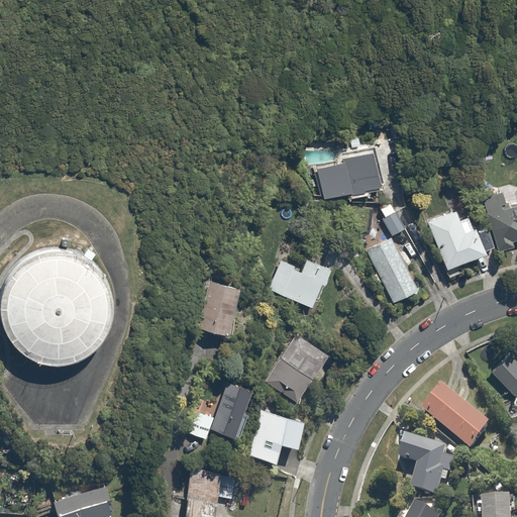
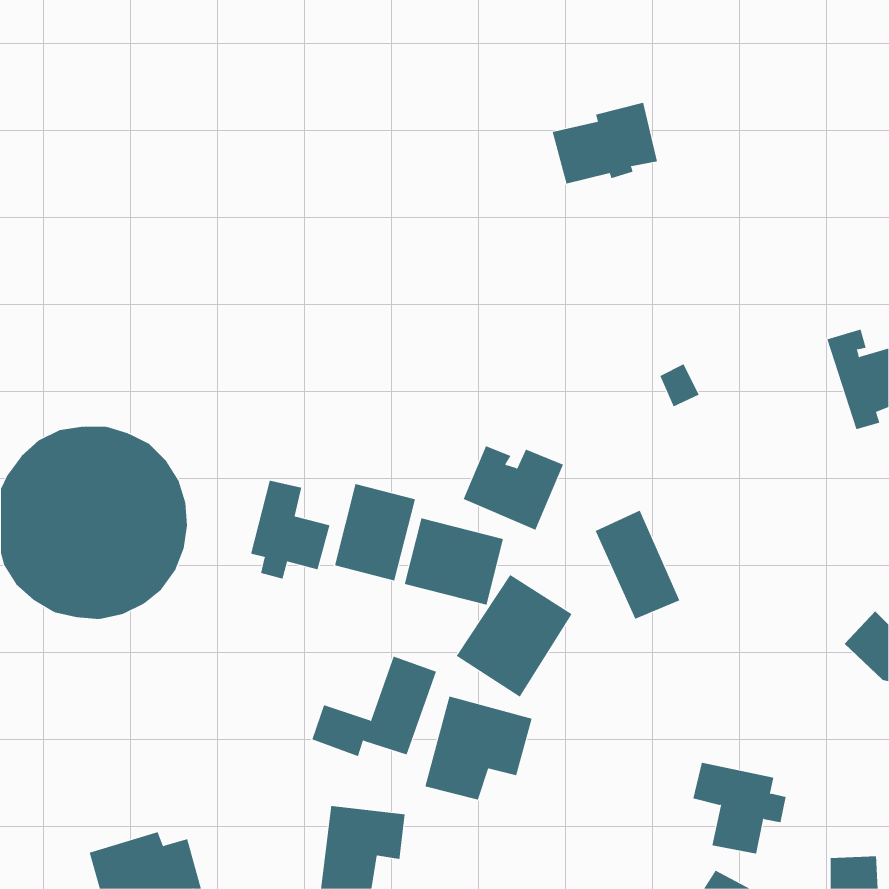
building: [314,149,376,197] -> [552,102,658,184]
building: [427,210,495,277] -> none
building: [368,237,417,301] -> [595,510,680,620]
building: none -> [251,480,330,580]
building: none -> [404,518,504,606]
building: [422,388,493,452] -> none

